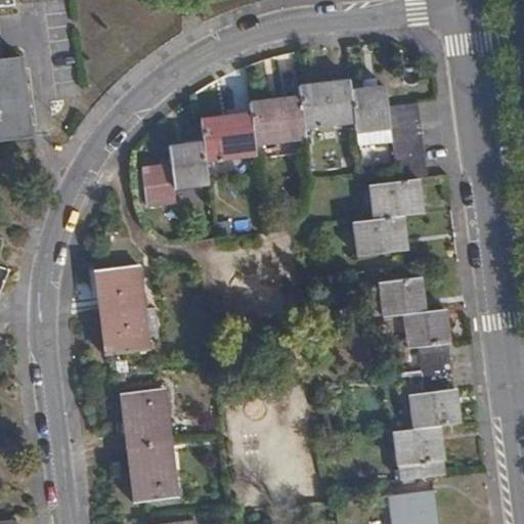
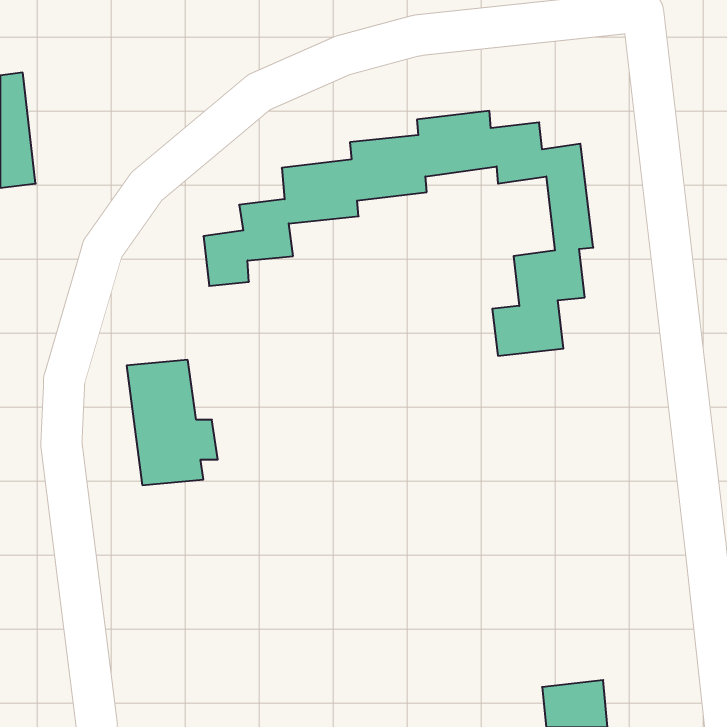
building: [380,278,457,465] -> none
building: [120,383,175,494] -> none

